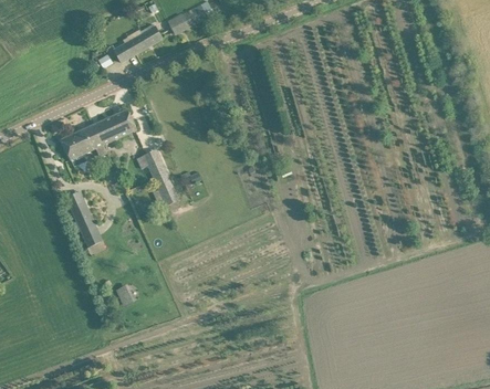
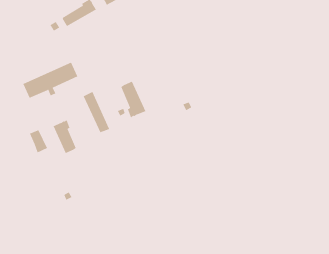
building: none -> [120,81,146,118]
building: none -> [53,119,76,154]

